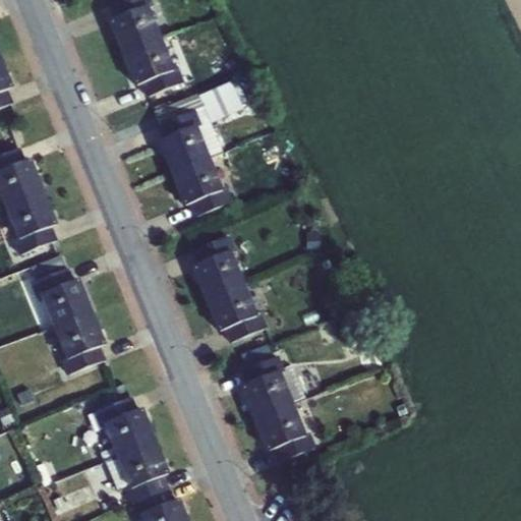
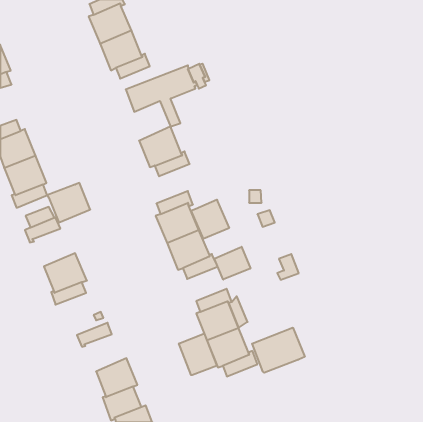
building: [159,124,210,173] -> none
building: none -> [191,200,229,239]
building: [40,279,93,328] -> [47,183,90,223]
building: none -> [214,247,250,280]
building: none -> [252,328,305,373]
building: [104,409,156,457] -> none
building: none -> [179,333,217,375]

